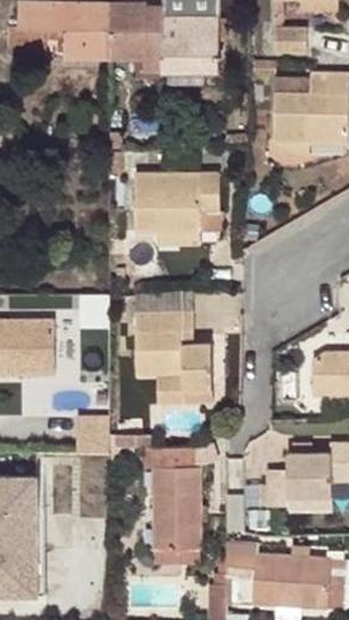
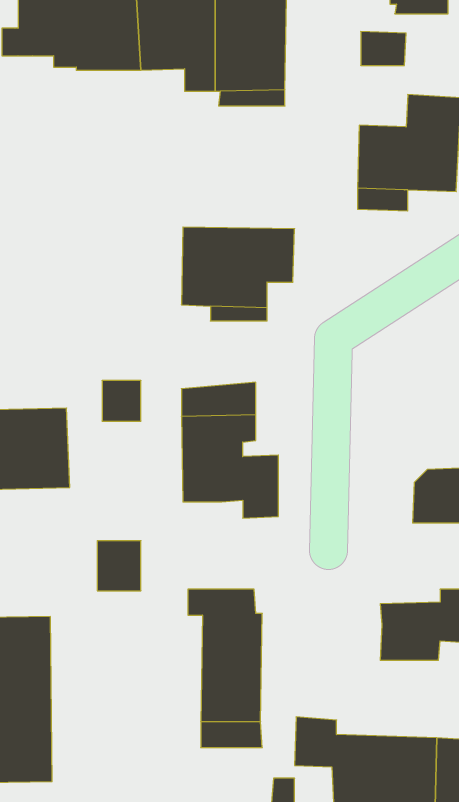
building: [155,379,212,408] -> none
building: [258,472,332,510] -> none

